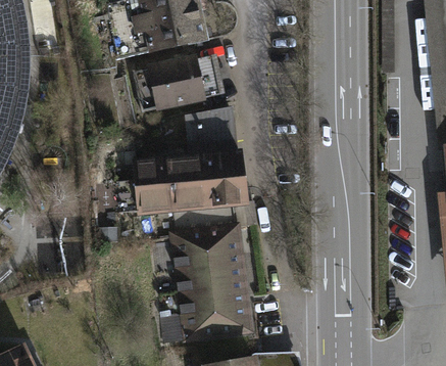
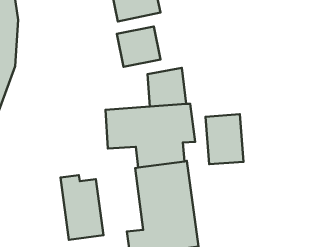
building: none -> [206,114,243,164]
building: none -> [61,175,104,240]

